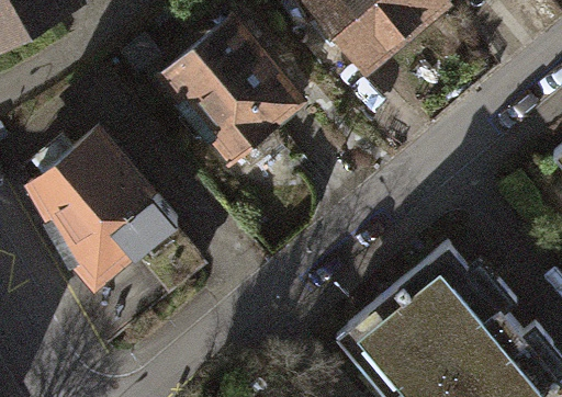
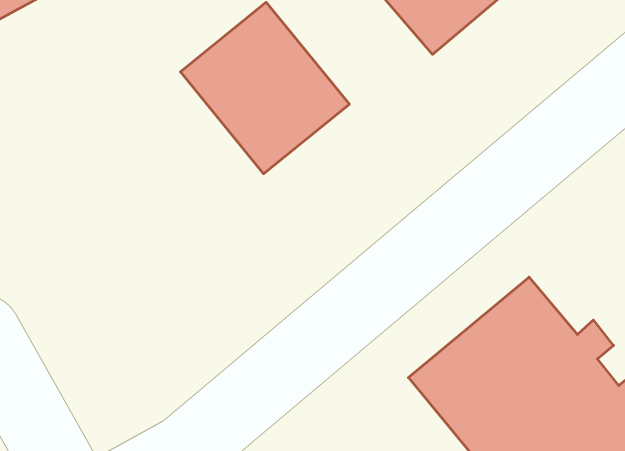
building: [23,133,168,288] -> none

